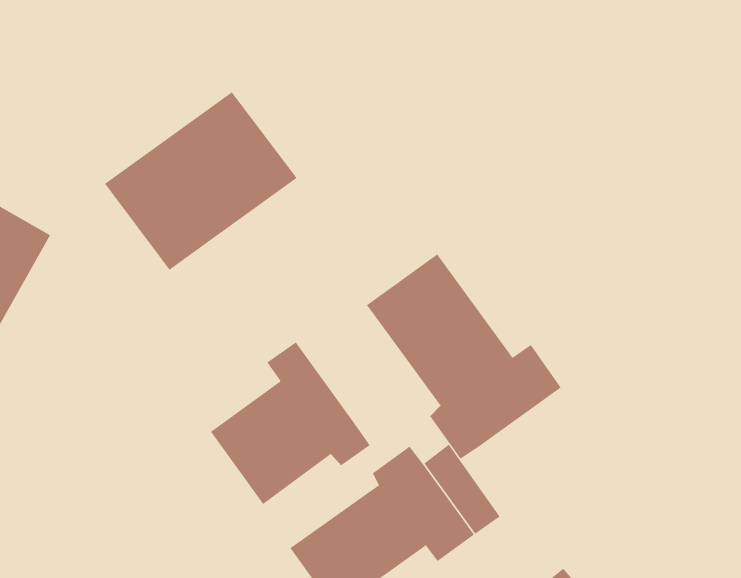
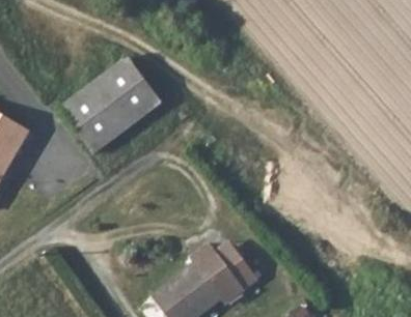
building: [366,253,562,460] -> none
building: [210,341,370,505] -> none

